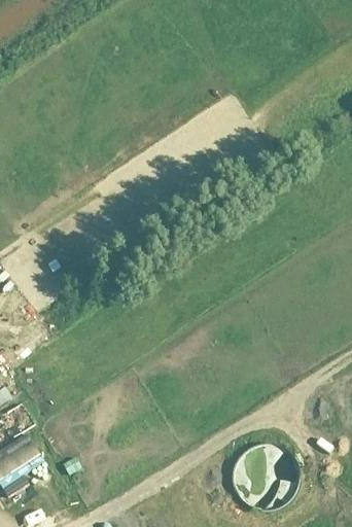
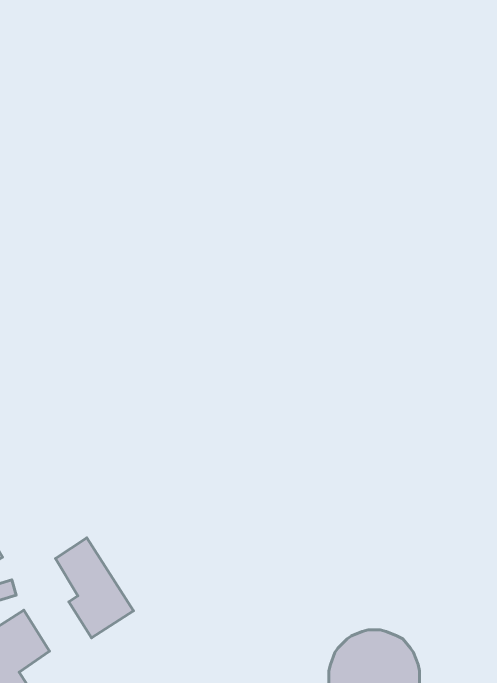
building: none -> [56,538,133,638]

